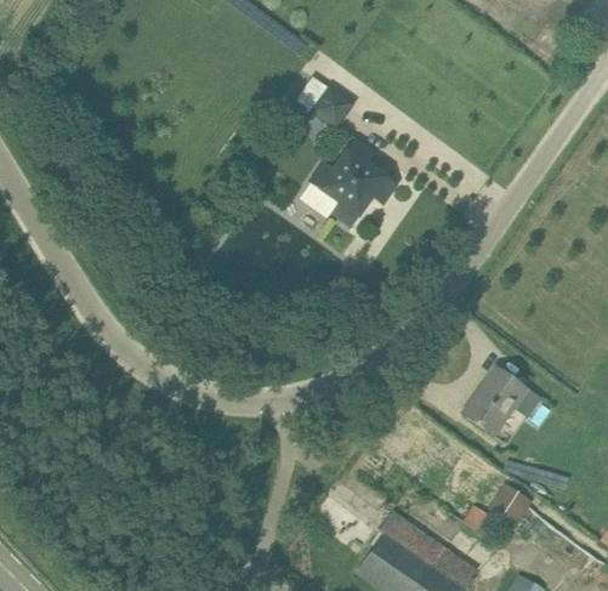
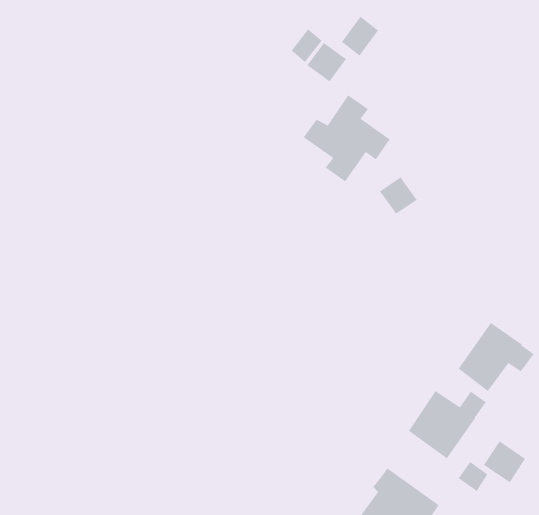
building: none -> [341,16,379,57]
building: none -> [379,176,417,215]
building: none -> [408,390,487,459]

